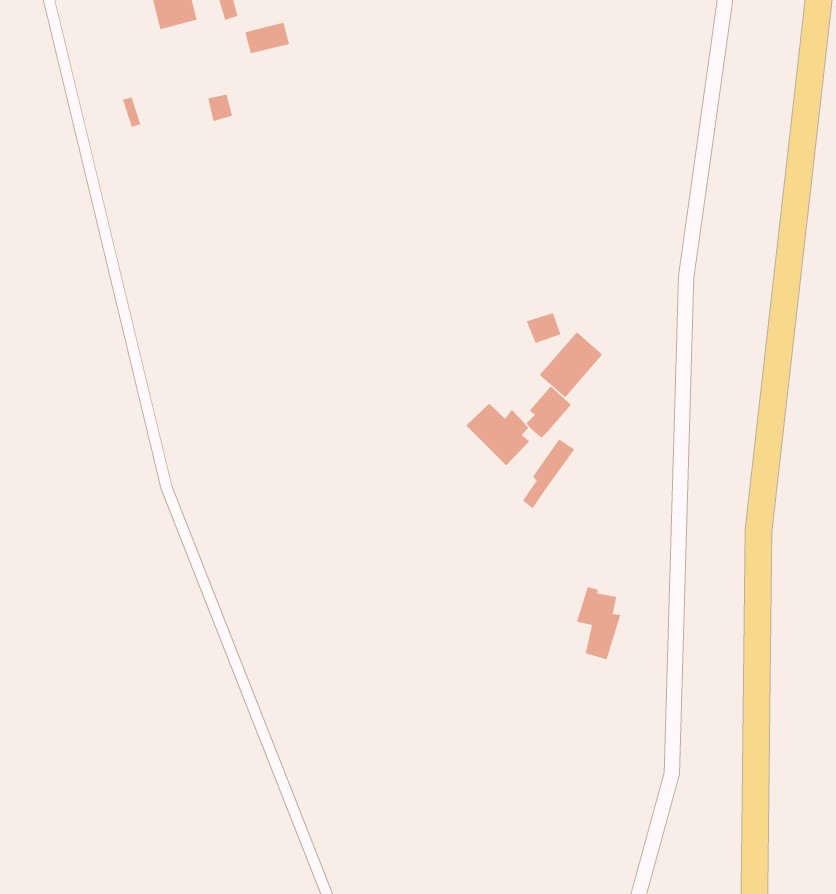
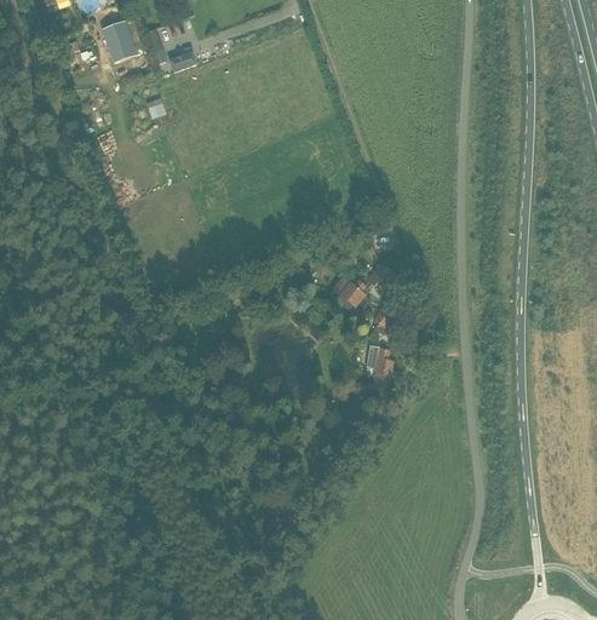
building: [539,331,603,398] -> none
building: [576,586,621,660] -> [364,344,392,389]

